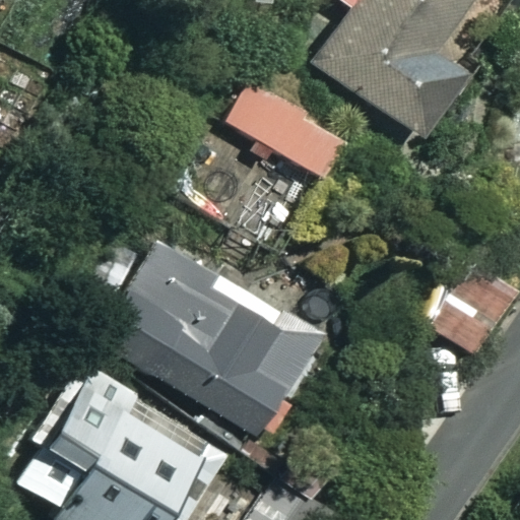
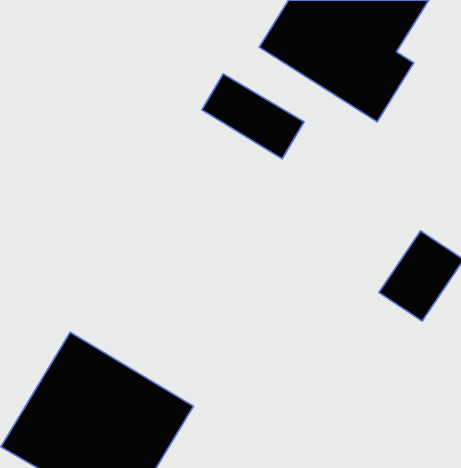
building: [103,261,322,438] -> none

